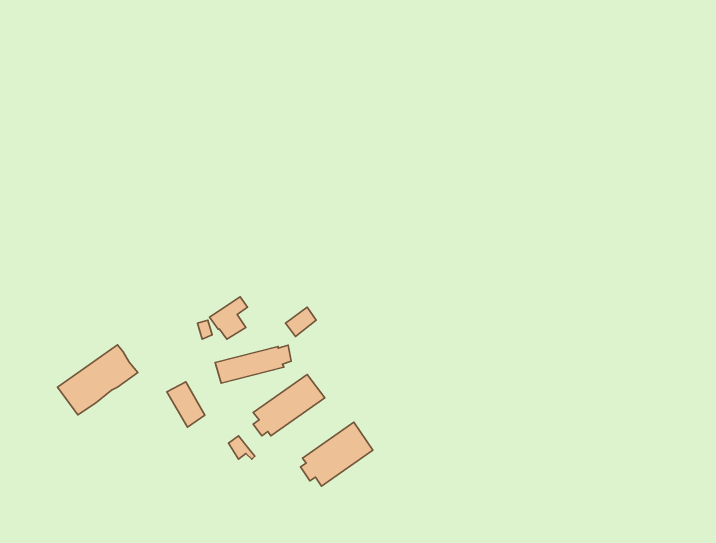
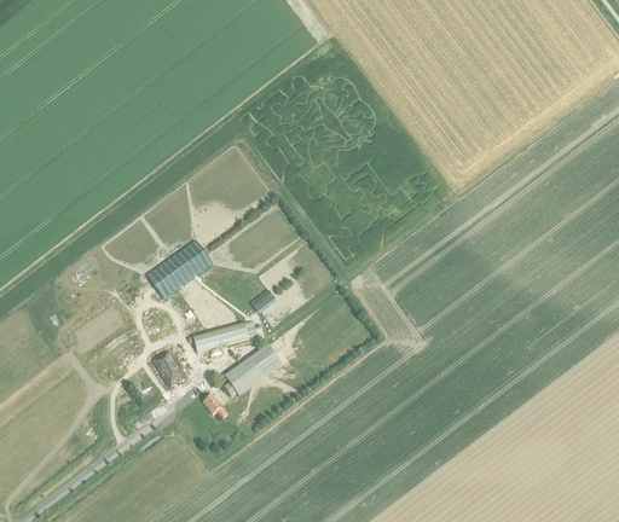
building: [57,345,138,415] -> [146,239,213,297]
building: [300,422,373,486] -> none

